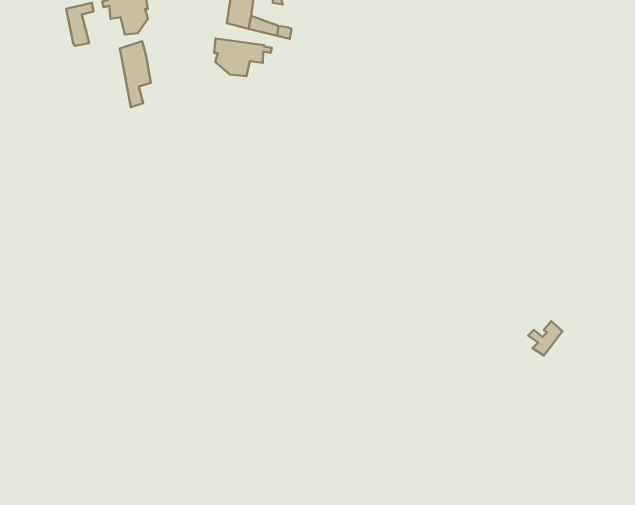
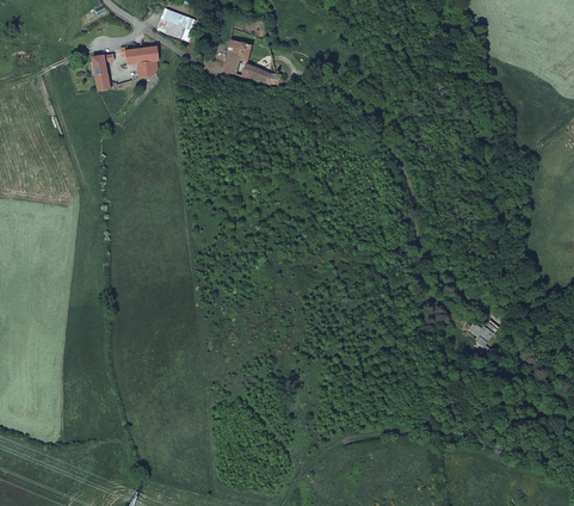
building: [214,38,272,76] -> none
building: [120,41,151,107] -> none

